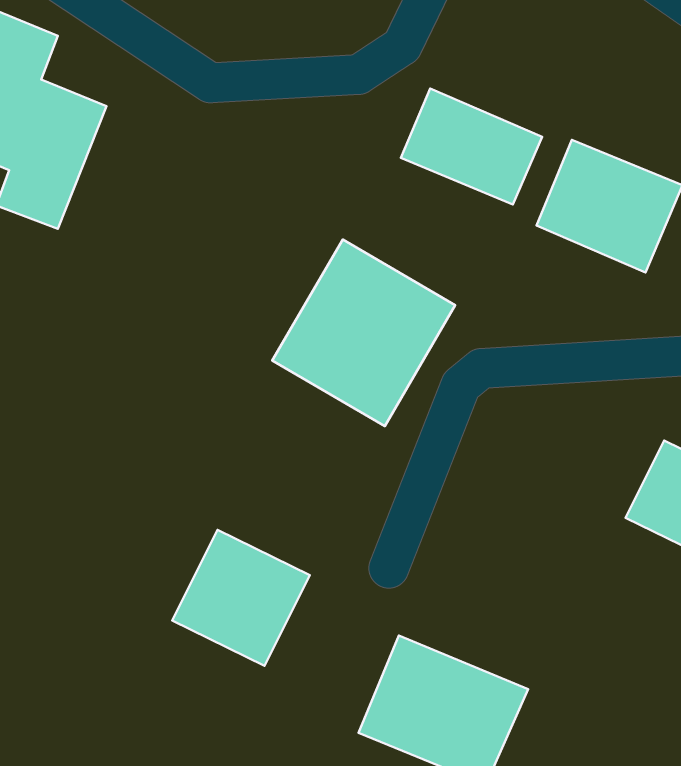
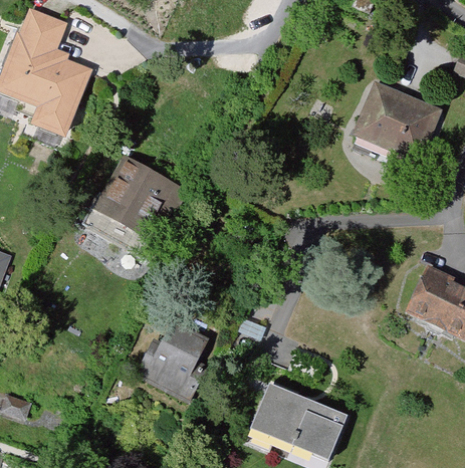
building: [401,88,542,204] -> none
building: [272,240,455,426] -> [80,153,190,264]

